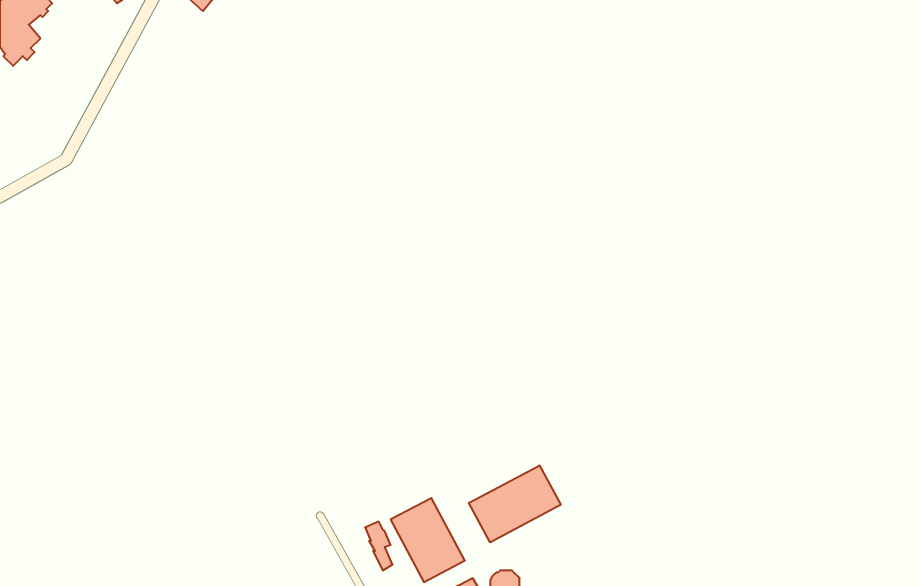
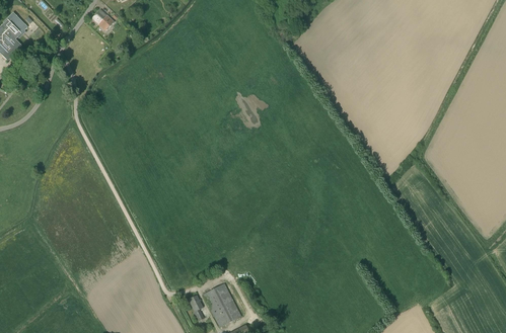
building: [469,465,561,542] -> none

